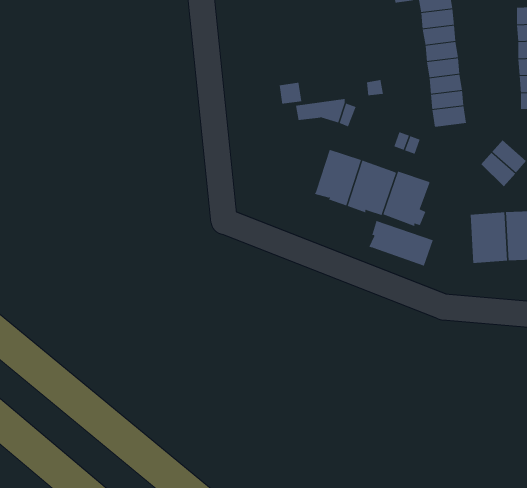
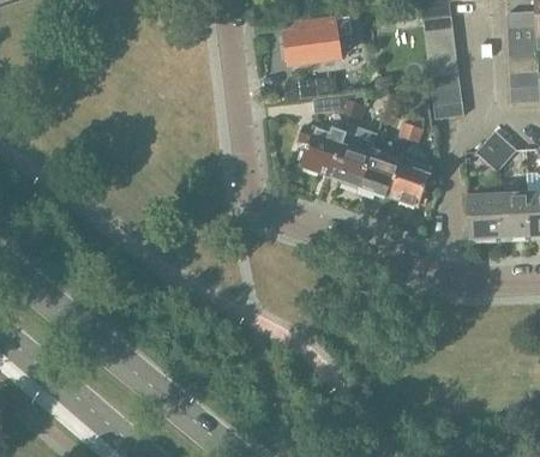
building: none -> [282,17,352,64]
building: none -> [299,125,346,174]
building: [369,220,433,266] -> none

